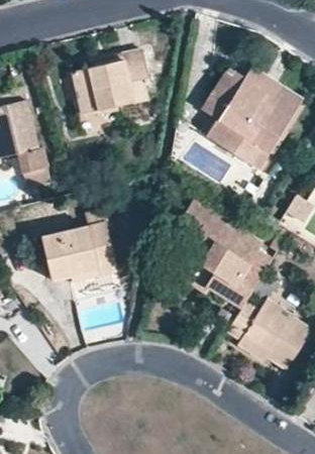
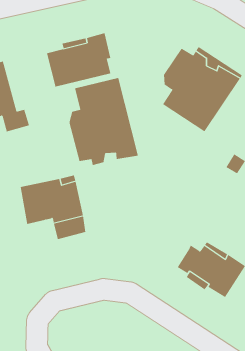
building: none -> [69,77,139,166]
building: [181,202,265,309] -> none

